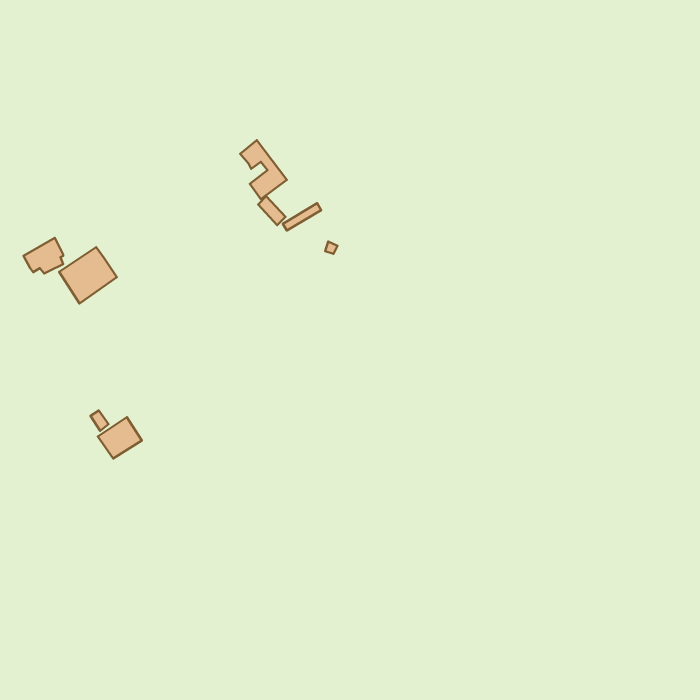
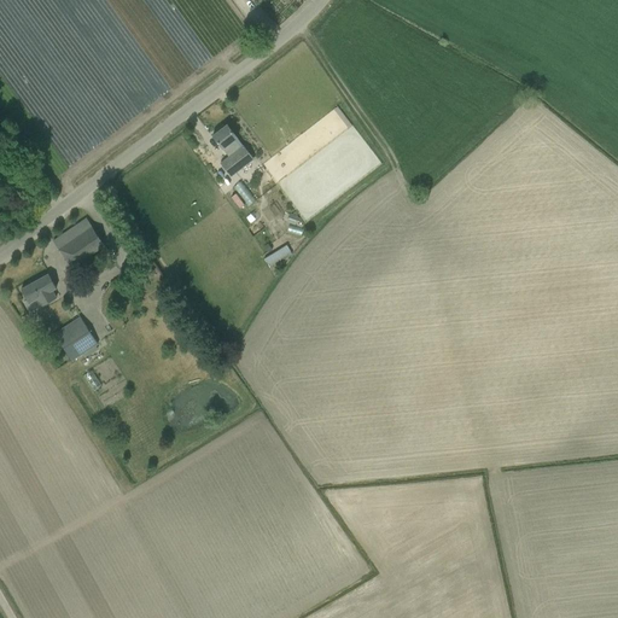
building: [23,238,63,274] -> [19,273,54,304]
building: [98,417,142,458] -> [57,322,95,358]

